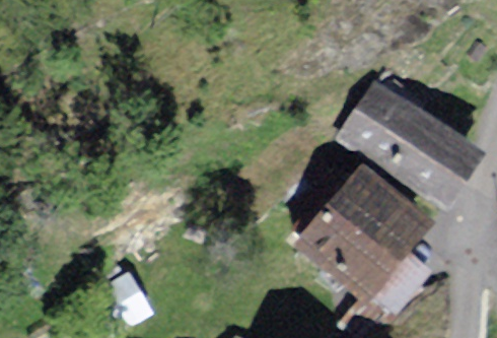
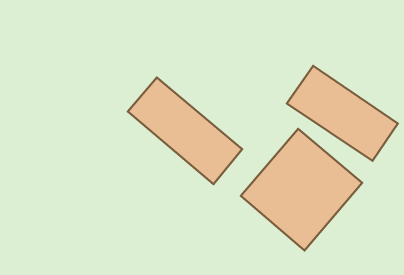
building: none -> [128,77,242,184]

